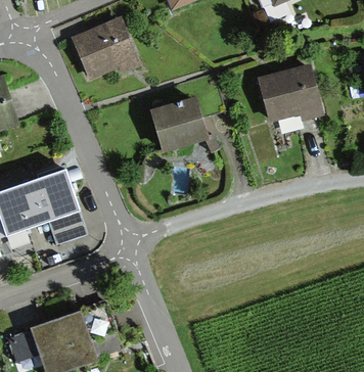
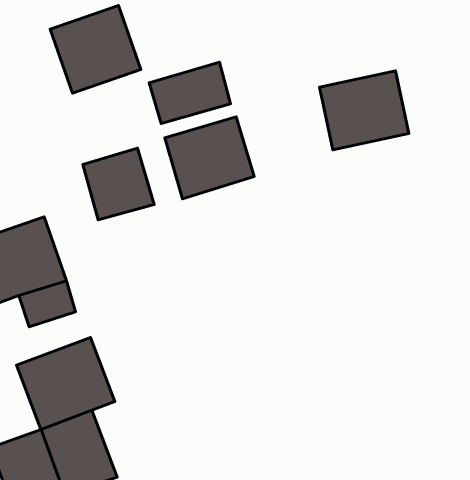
building: none -> [149,62,230,124]
building: none -> [83,148,154,220]
building: none -> [16,337,115,429]

